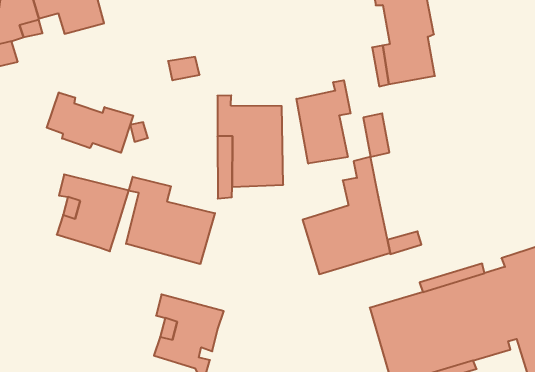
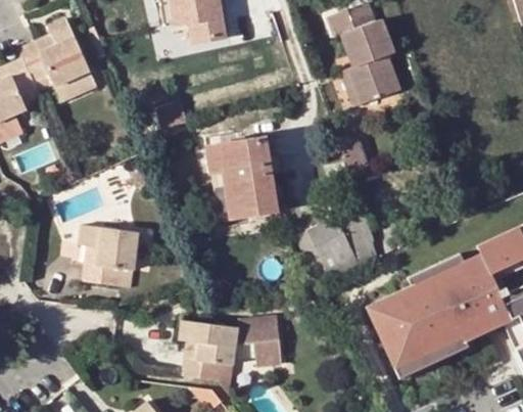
building: [296,80,351,164] -> none
building: [47,92,133,153] -> none
building: [126,177,215,264] -> none
building: none -> [236,312,284,366]

